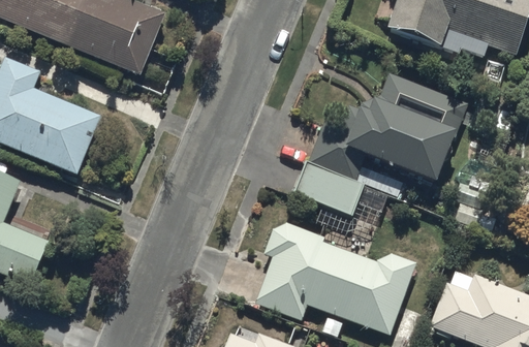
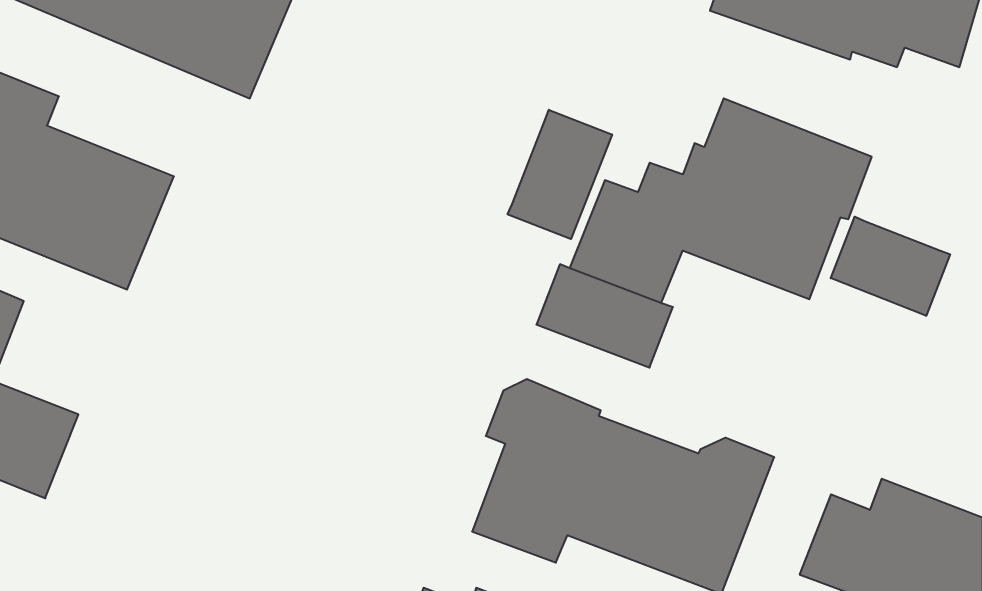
building: none -> [508,110,612,239]
building: none -> [831,217,950,316]

